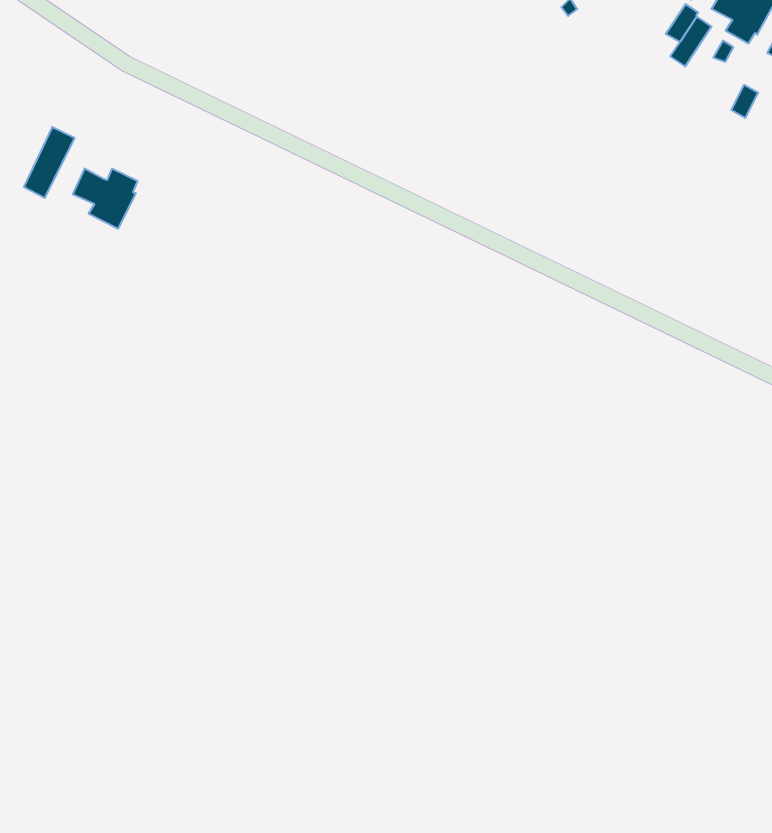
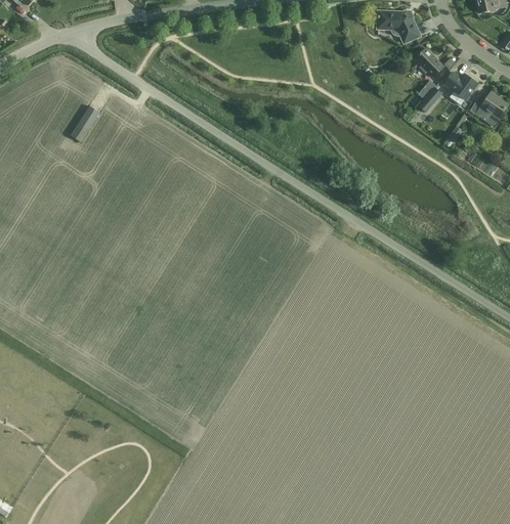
building: [73,168,138,229] -> none

